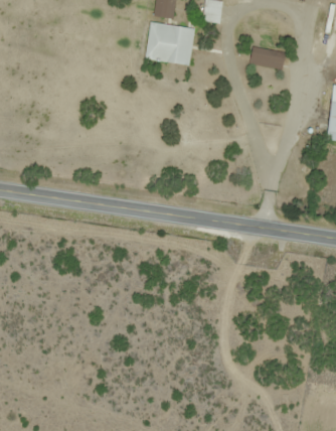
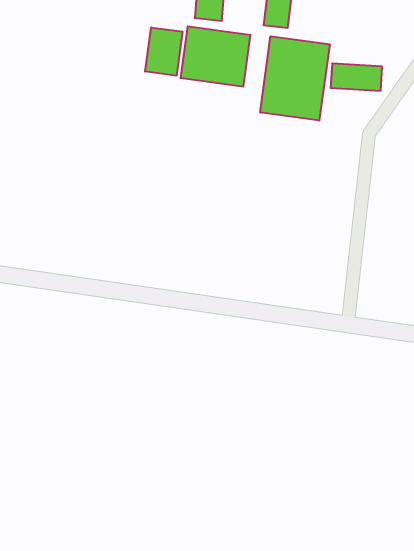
building: none -> [145,27,183,76]
building: none -> [260,36,330,121]

